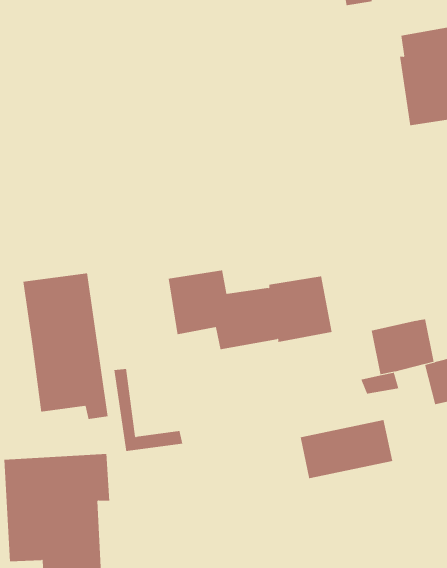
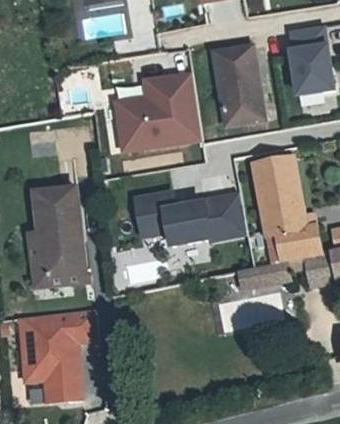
building: none -> [212,43,262,121]
building: none -> [116,75,201,150]
building: none -> [251,152,299,229]
building: [114,368,183,451] -> [30,237,77,293]

